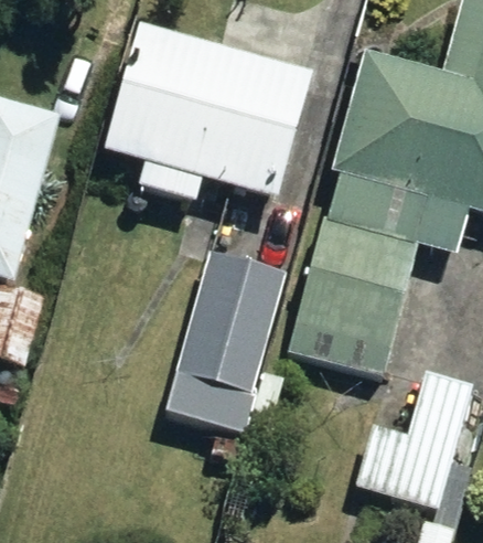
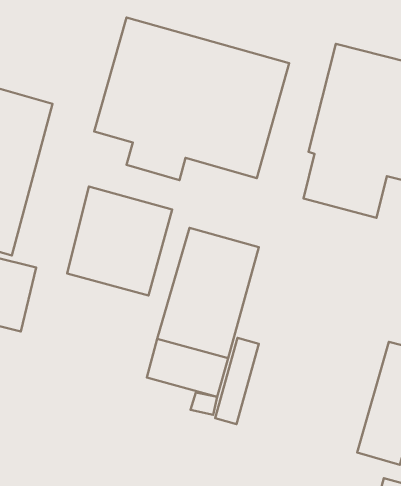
building: none -> [67,186,172,296]
building: [290,216,419,371] -> none

